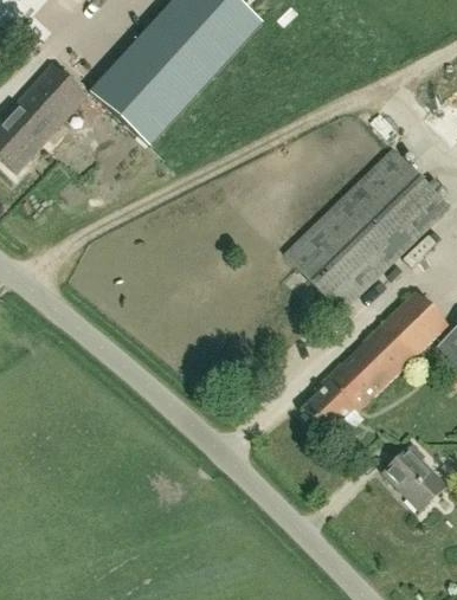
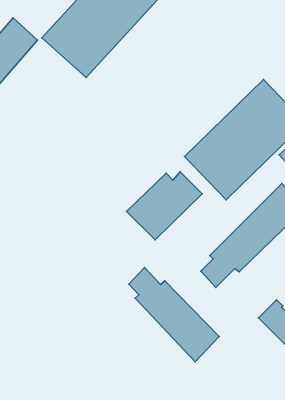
building: none -> [127,172,202,240]
building: none -> [129,268,219,362]

